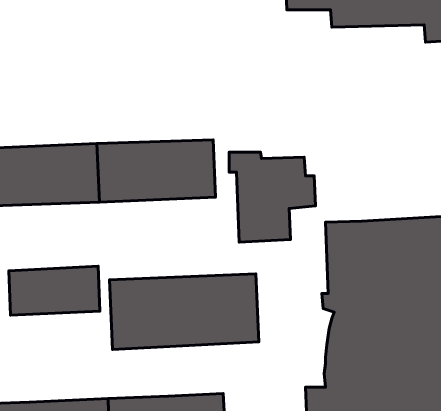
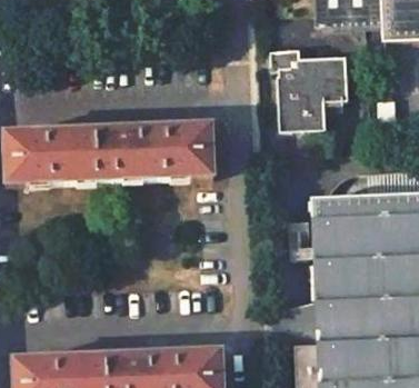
building: [229,152,315,242] -> [271,56,348,136]
building: [9,266,100,315] -> none
building: [109,274,259,350] -> none

